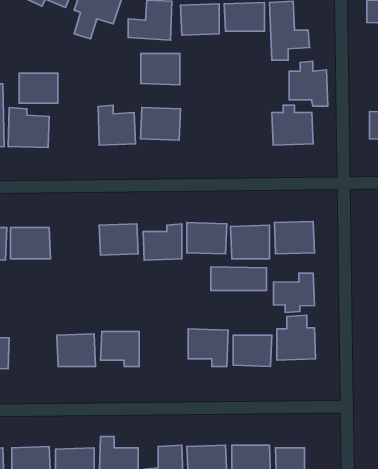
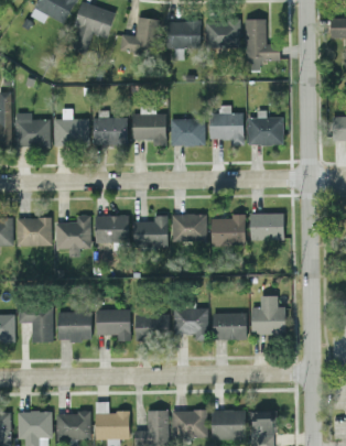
building: [141,53,180,85] -> [171,119,205,146]
building: [289,61,328,106] -> [209,105,244,144]
building: [19,73,58,103] -> [54,119,88,145]
building: none -> [55,215,90,257]
building: [211,267,267,290] -> none
building: [273,273,314,313] -> none
building: none -> [18,306,53,342]
building: none -> [134,313,169,339]

